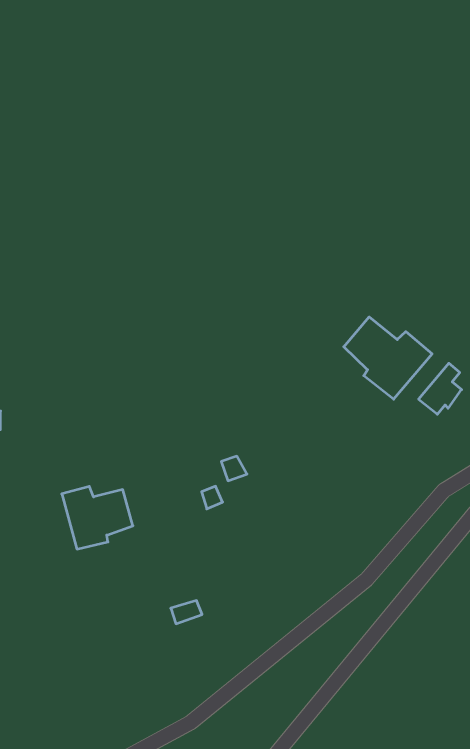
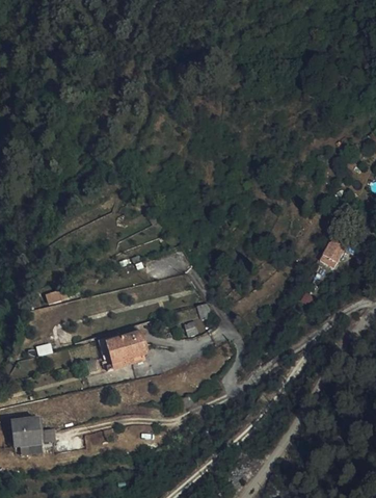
building: [344,317,432,399] -> none

